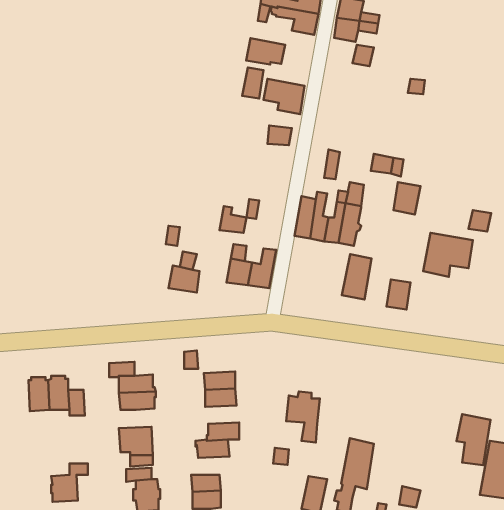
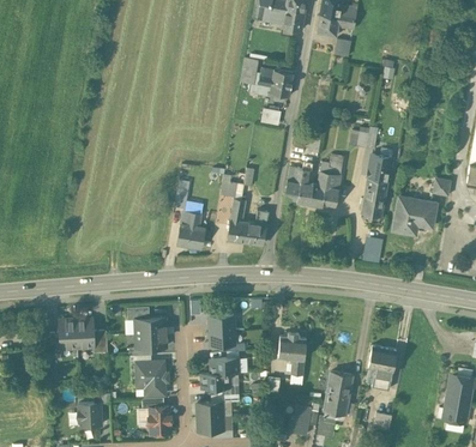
building: [246,38,285,64] -> none
building: [342,254,372,300] -> [361,179,386,217]
building: [456,414,490,465] -> [367,346,396,389]

